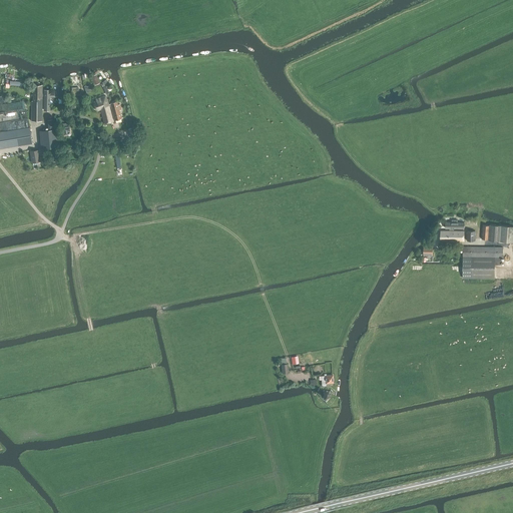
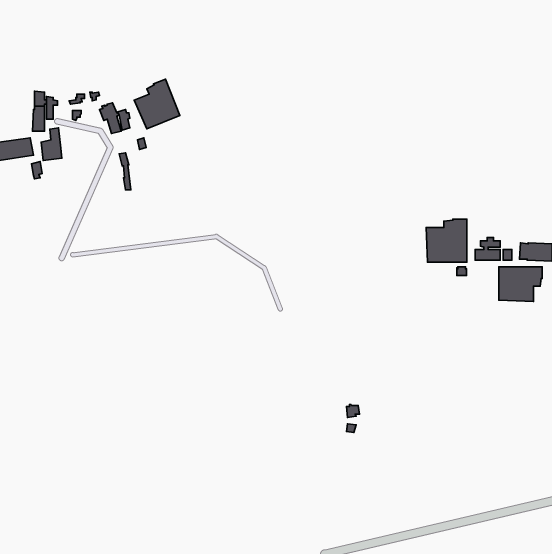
building: none -> [134,79,180,129]
building: none -> [426,219,467,262]

